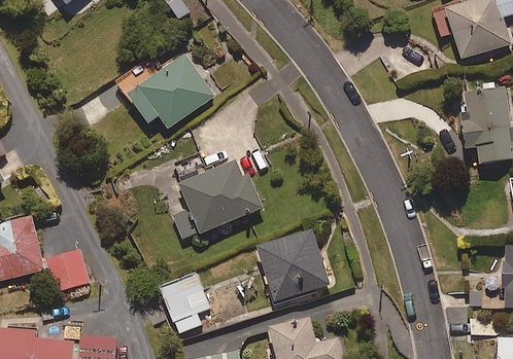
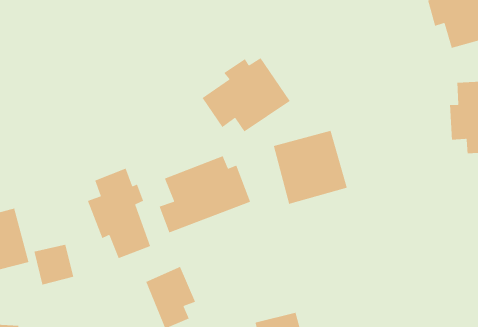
building: [126,52,214,127] -> [201,57,291,132]
building: none -> [87,168,151,259]
building: [256,229,331,303] -> [273,130,348,205]

